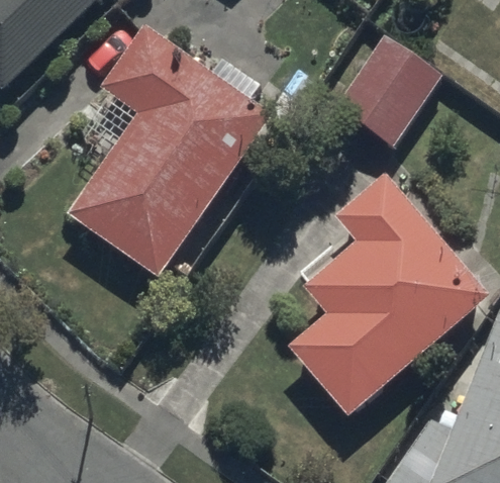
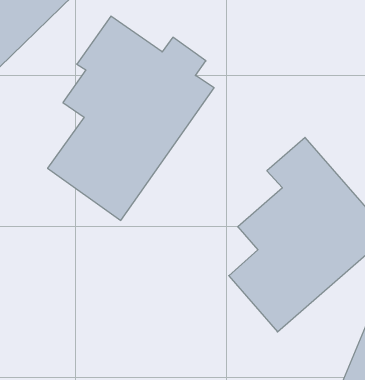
building: [333,35,441,147] -> none

